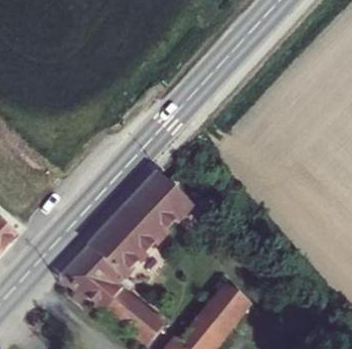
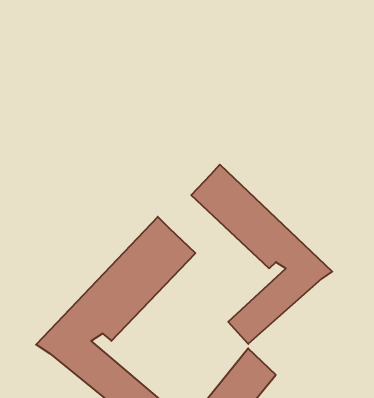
building: none -> [191,165,332,344]

